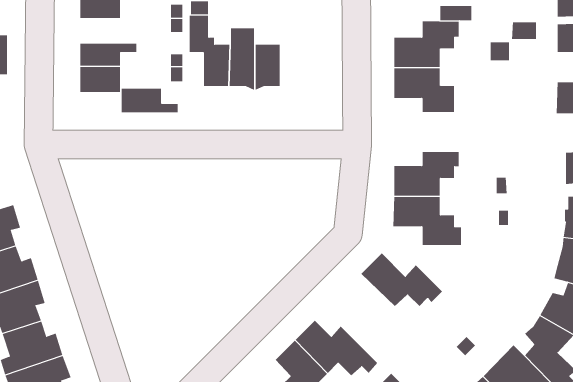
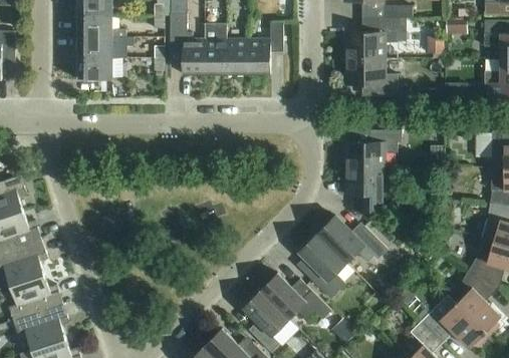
building: none -> [248,21,282,74]
building: [121,88,178,113] -> [76,16,125,37]
building: none -> [299,234,345,298]

